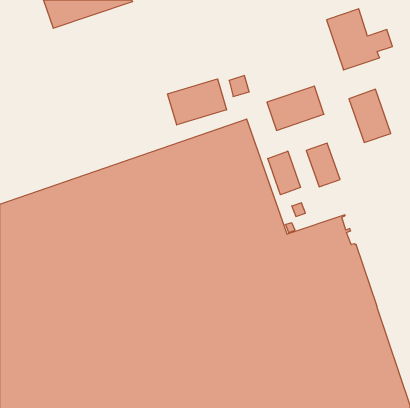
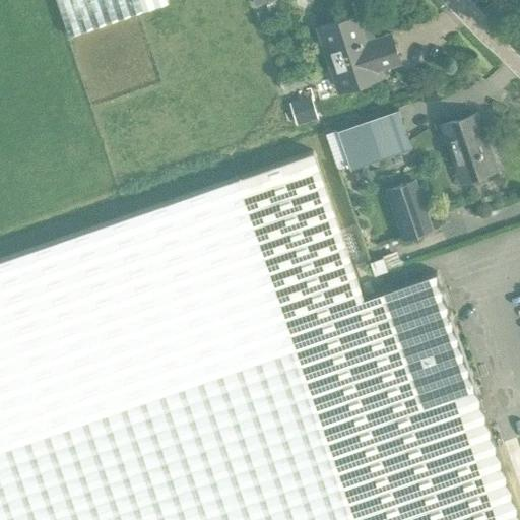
building: [327,9,392,70] -> [316,17,399,94]
building: [168,79,227,125] -> none
building: [268,151,301,195] -> none

